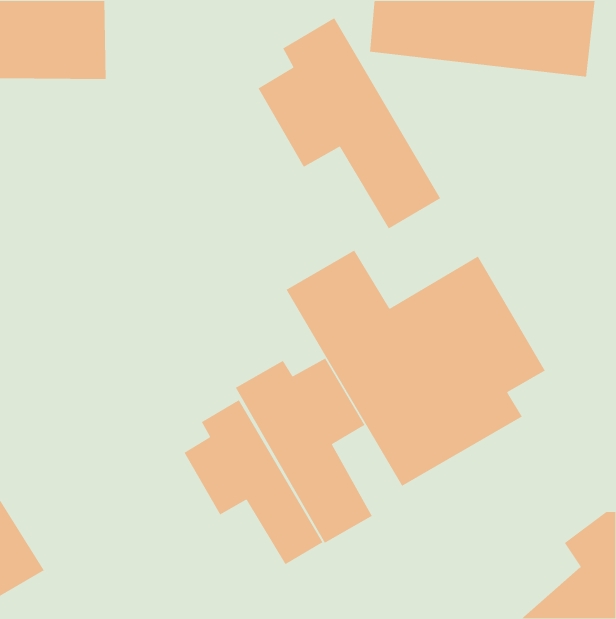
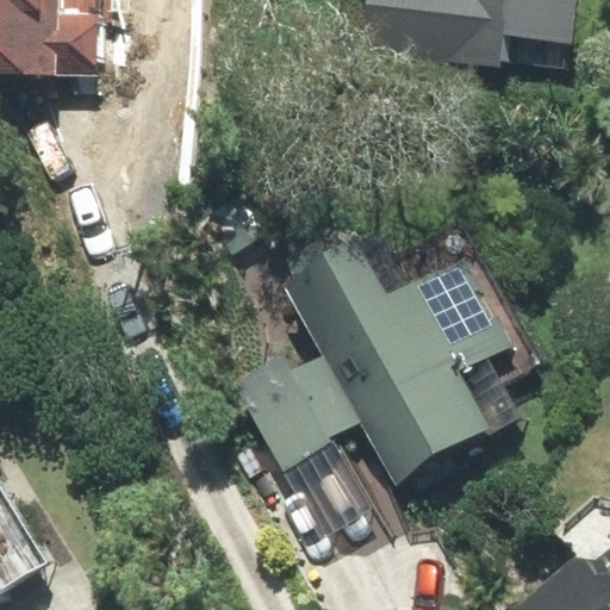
building: [258,17,441,229] -> none
building: [184,399,324,565] -> none

